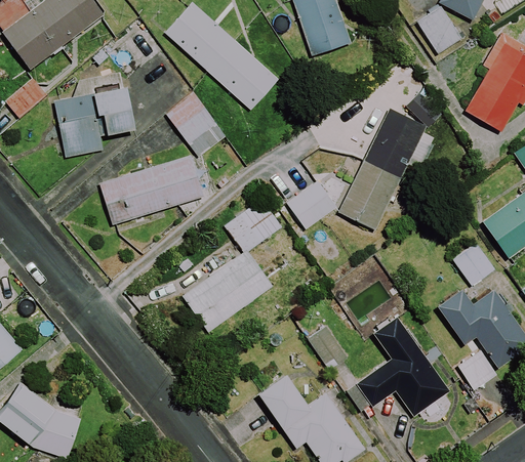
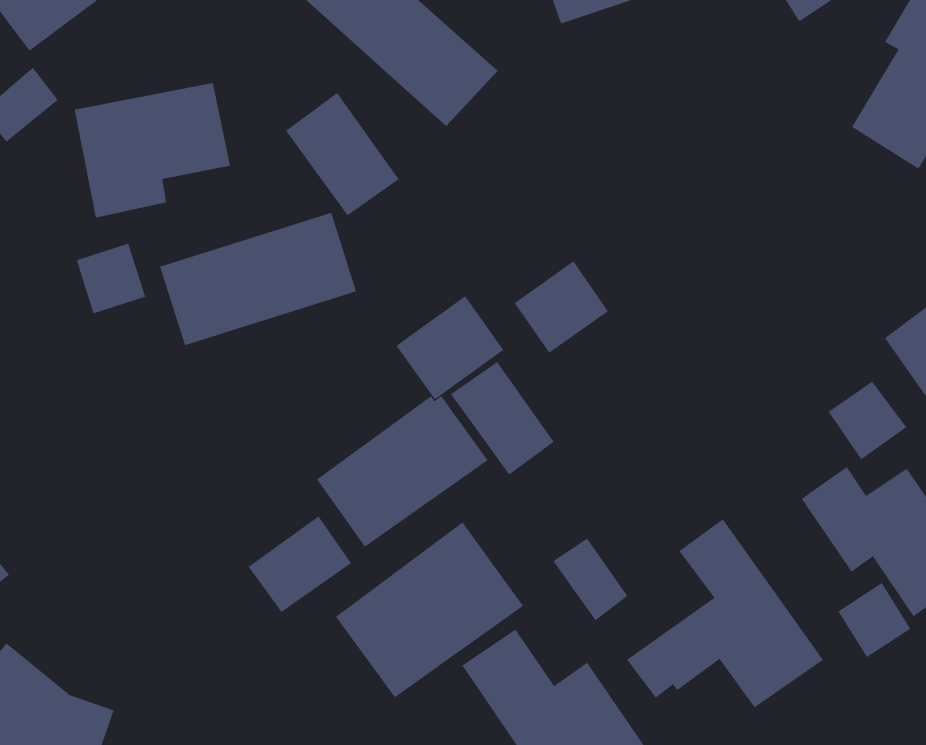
building: [338,108,428,229] -> none
building: none -> [76,243,146,314]
building: none -> [450,361,555,475]
building: none -> [248,515,352,613]
building: none -> [335,521,524,698]

